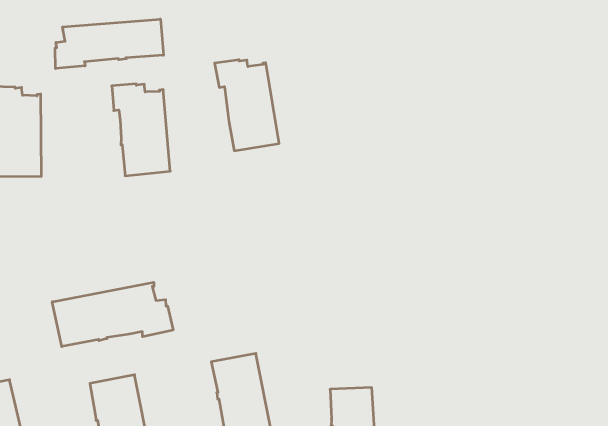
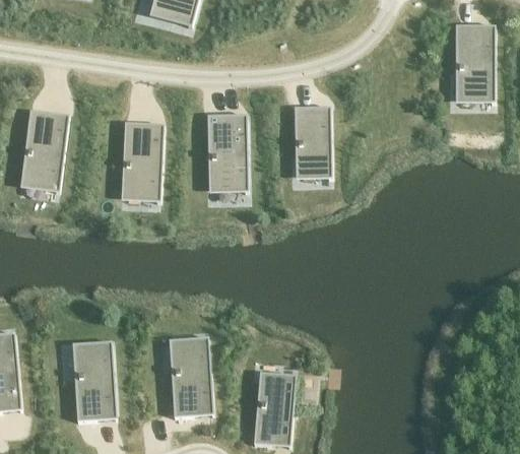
building: [55,19,163,69] -> none
building: none -> [291,109,329,174]
building: [52,282,173,347] -> none

